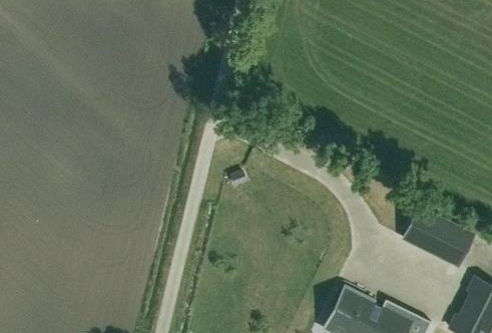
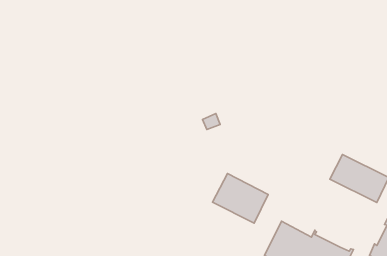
building: none -> [212,174,268,223]

